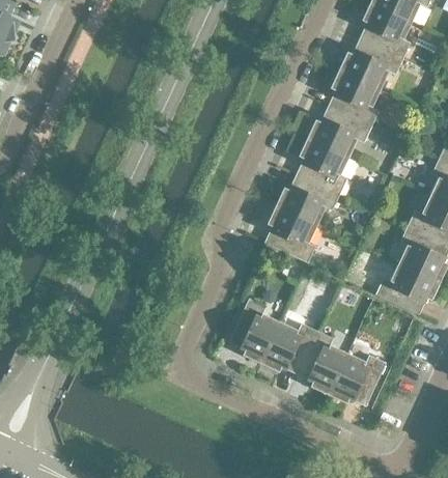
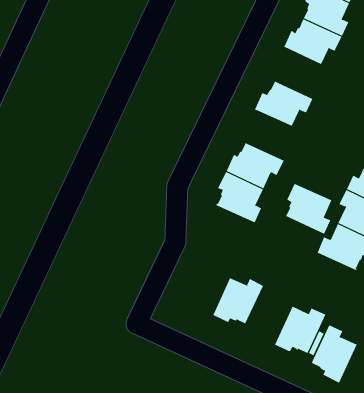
building: [327,69,380,126] -> none
building: [295,138,347,194] -> [284,183,332,234]
building: [227,299,279,363] -> none
building: [296,331,347,395] -> [310,325,357,383]

